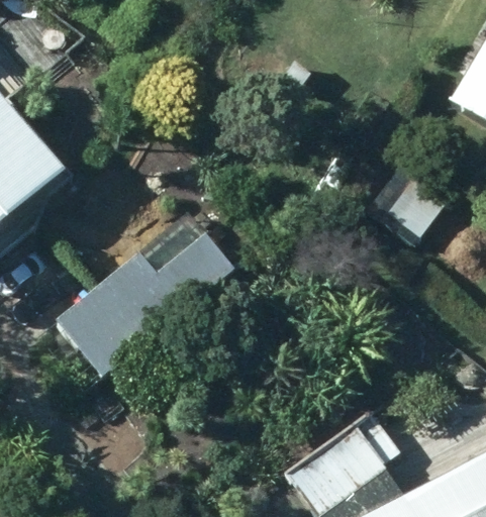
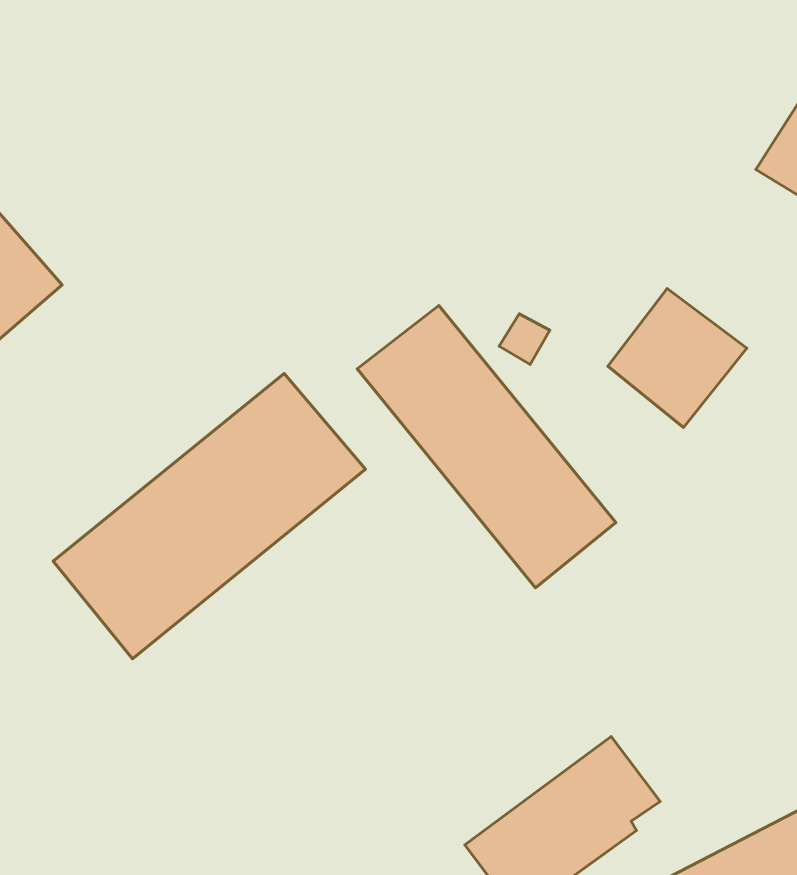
building: none -> [357,305,616,588]

